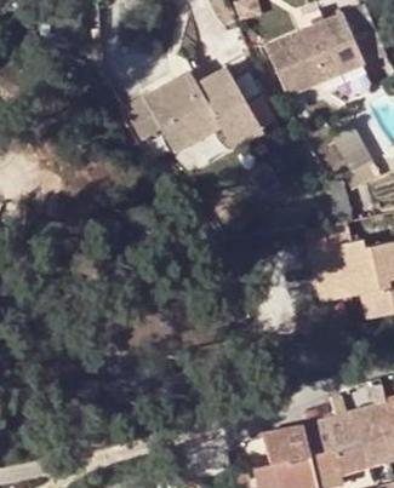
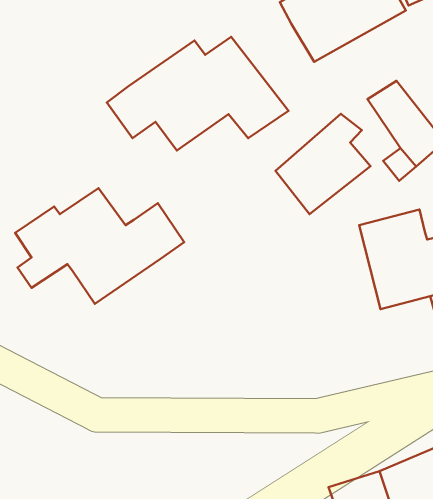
building: none -> [276,114,371,214]
building: none -> [15,188,184,304]

